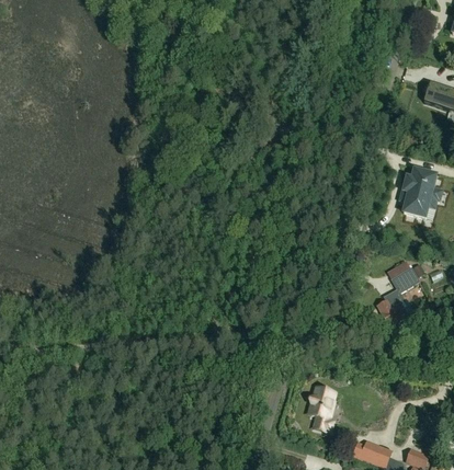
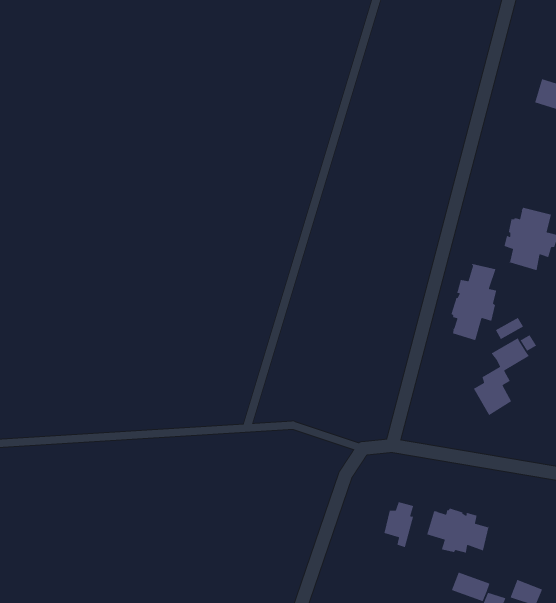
building: none -> [451,263,497,341]
building: none -> [426,507,490,554]

